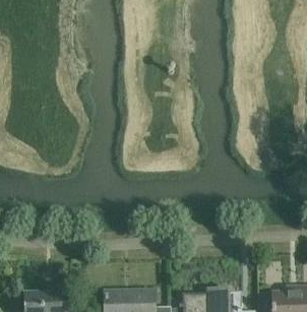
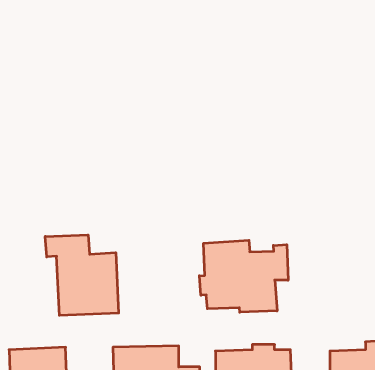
building: none -> [45,235,119,315]
building: none -> [199,240,288,312]

